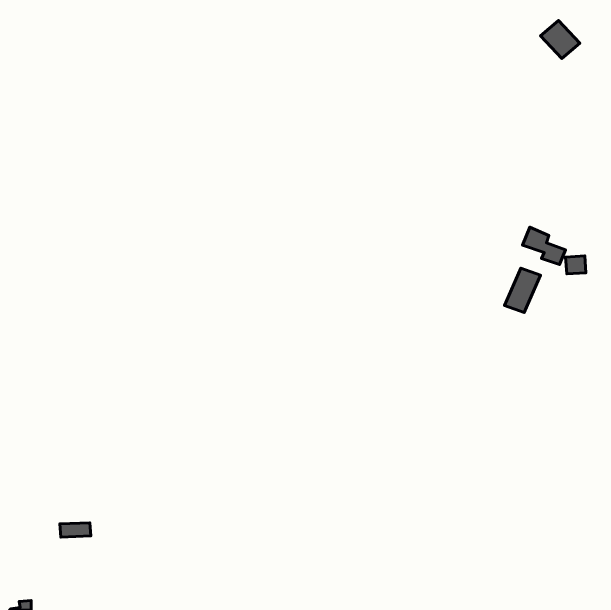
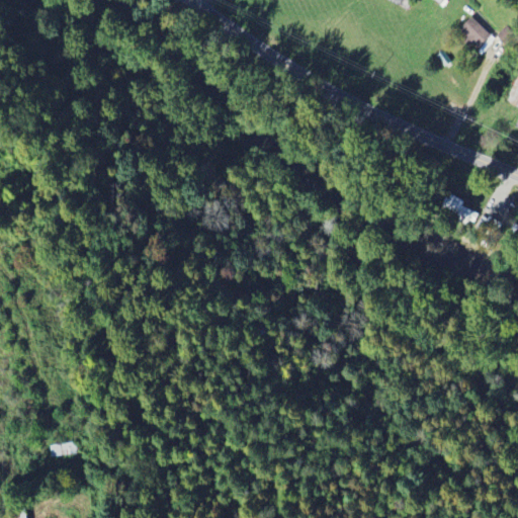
building: [505,268,540,312] -> none

